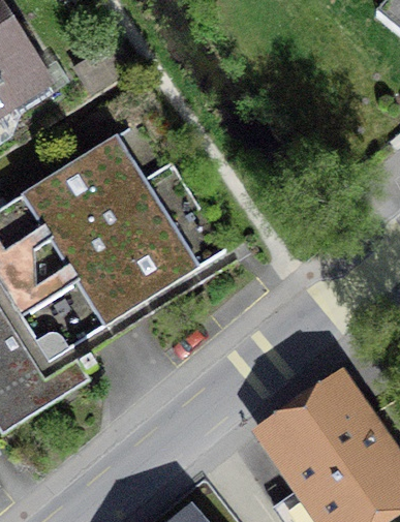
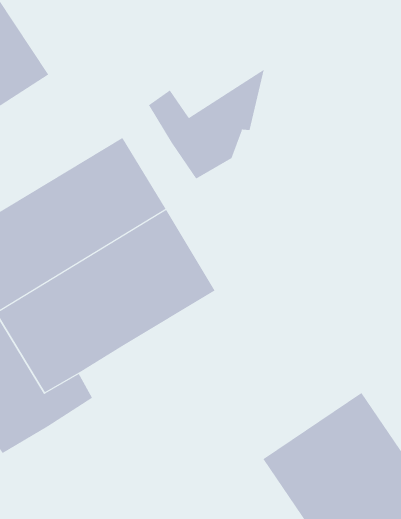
building: none -> [148,69,264,180]

